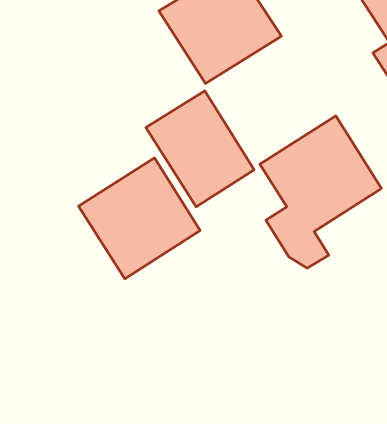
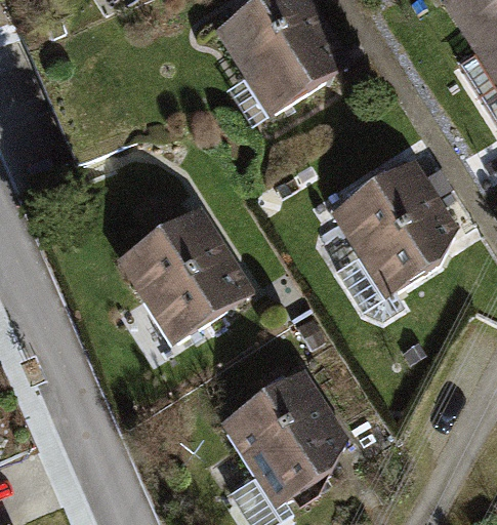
building: [146,91,254,207] -> none
building: none -> [219,365,353,507]

